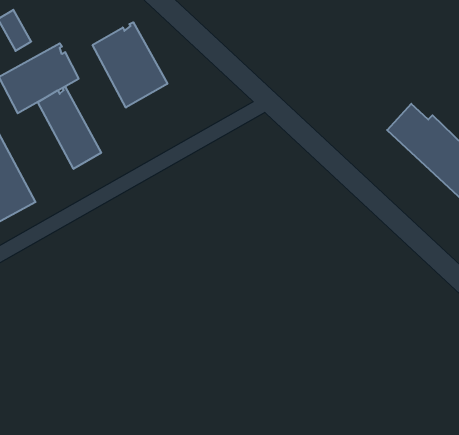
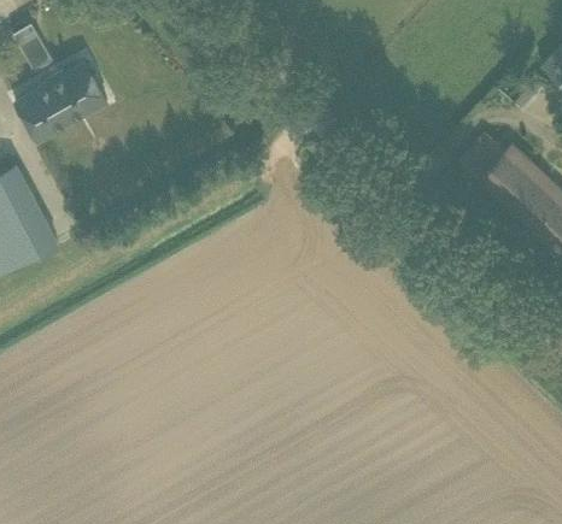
building: [93,22,167,108] -> none
building: [38,87,101,169] -> none

